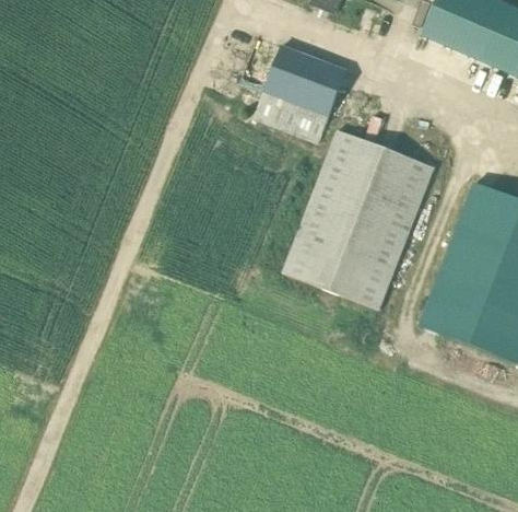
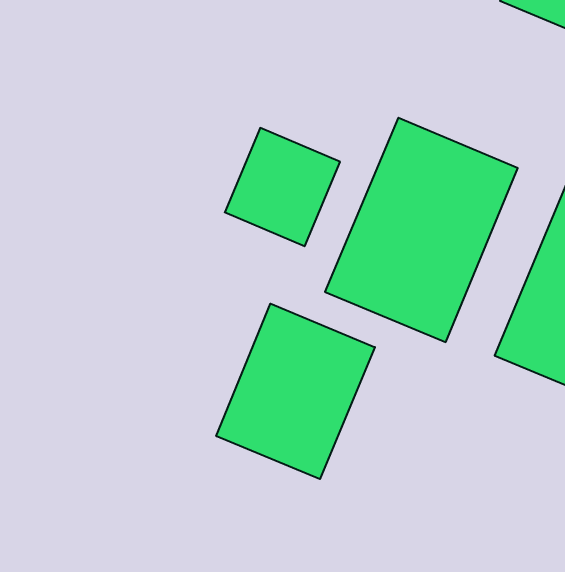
building: [254,46,346,141] -> [225,128,340,246]
building: none -> [216,304,375,479]

